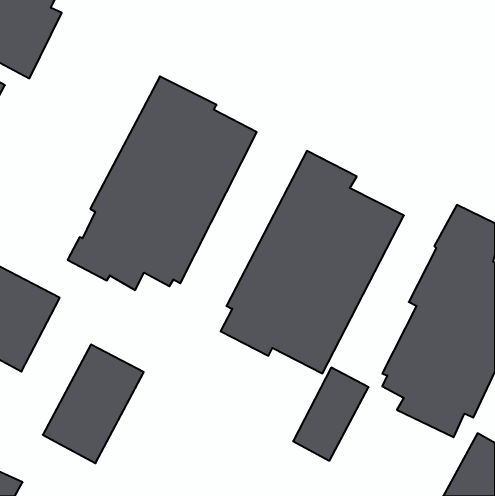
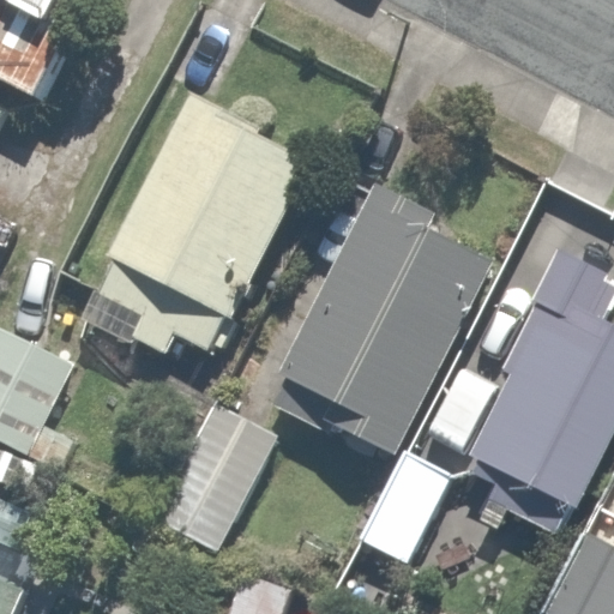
building: [43,345,144,463] -> [156,401,279,546]

